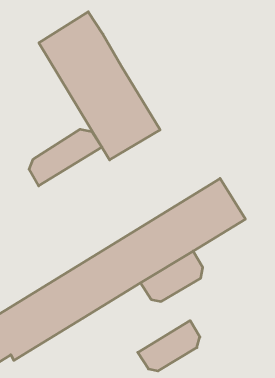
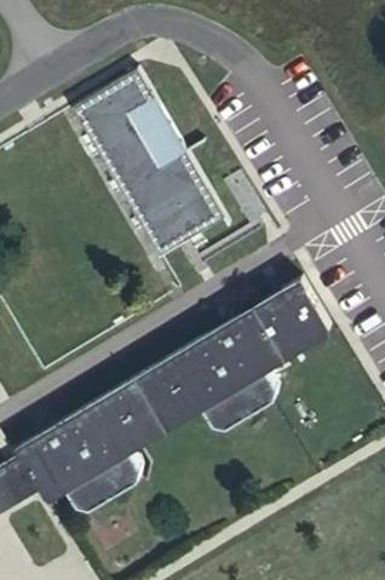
building: [29,129,102,186] -> none
building: [138,321,200,371] -> [67,450,144,513]

